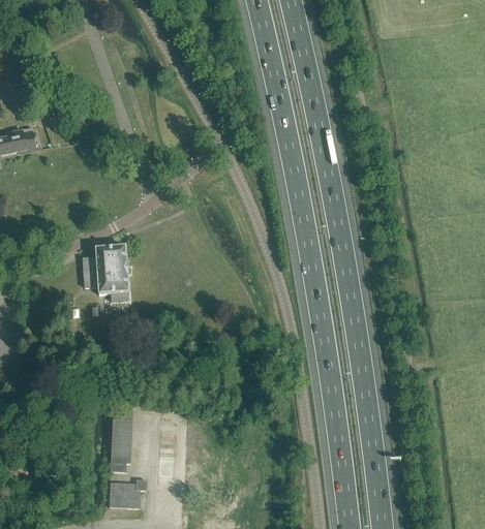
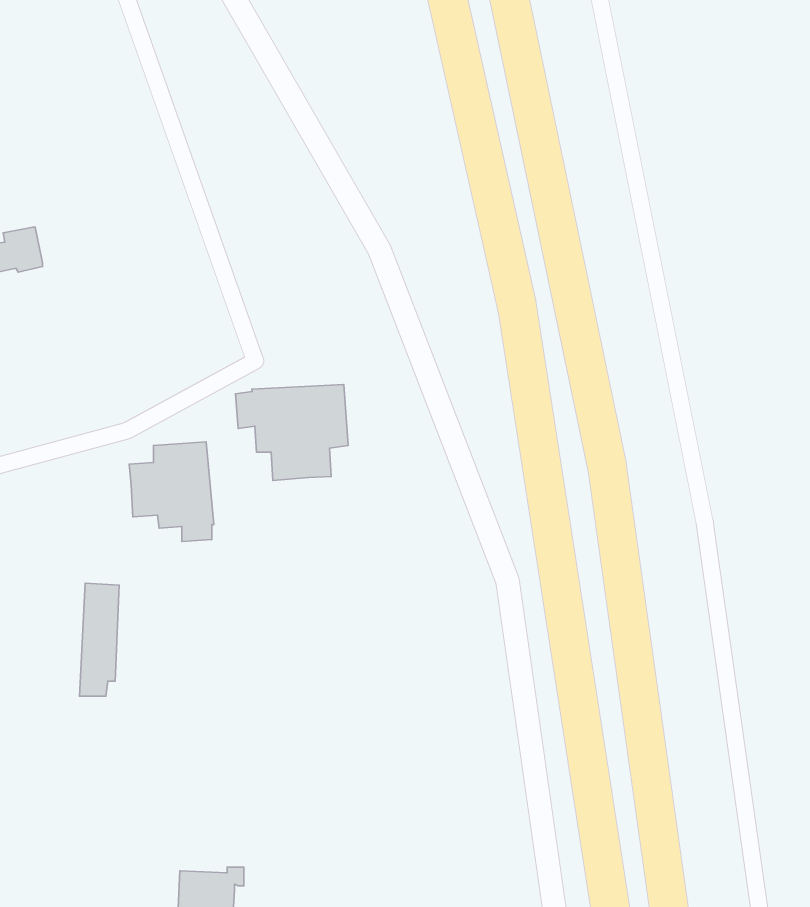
building: none -> [236,385,348,481]
building: [110,409,131,471] -> [80,583,119,696]

